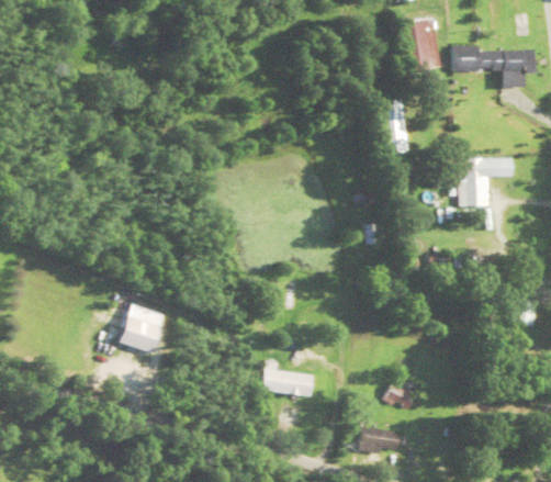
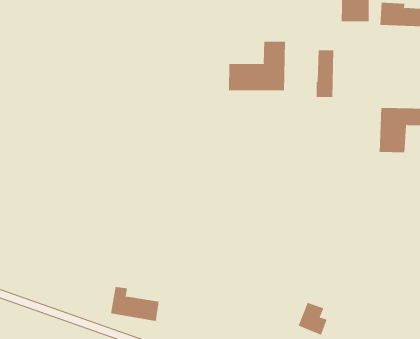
building: none -> [228,41,286,91]
building: [116,304,161,352] -> none
building: [261,361,314,396] -> [110,286,160,321]

